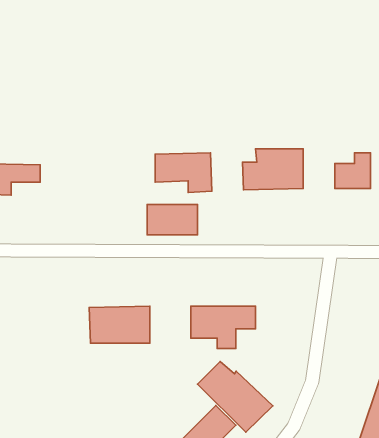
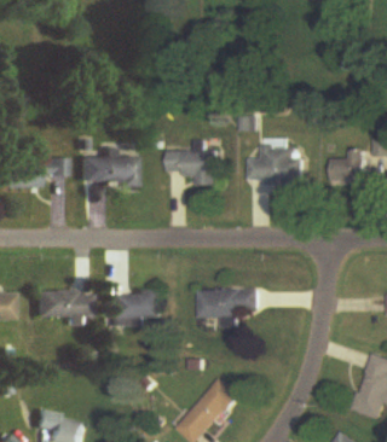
building: [147,204,197,235] -> [89,156,135,184]
building: none -> [36,290,89,316]
building: [198,362,273,432] -> none

